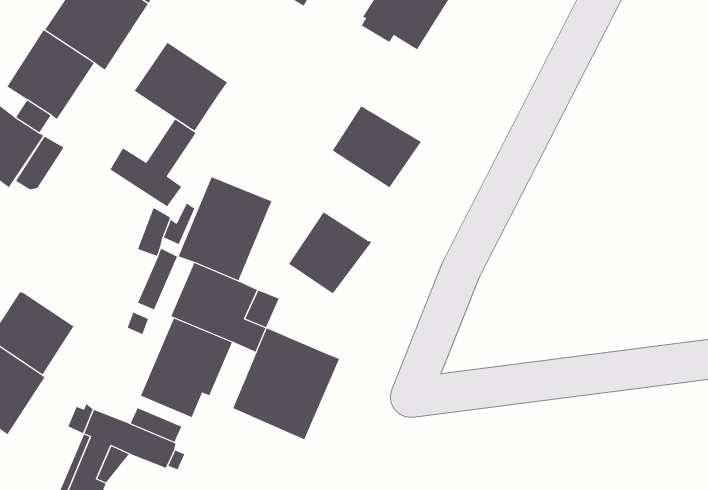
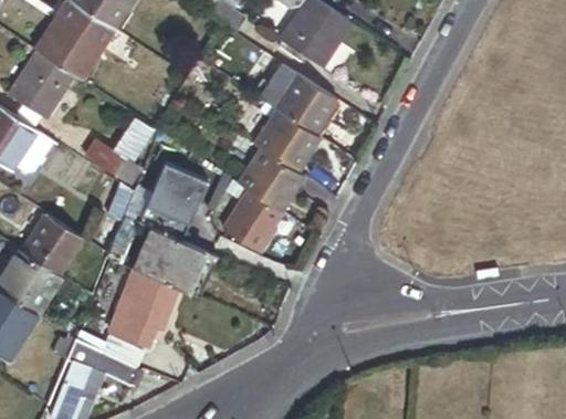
building: [134,42,228,131] -> none
building: none -> [263,65,339,133]
building: none -> [239,147,307,211]
building: none -> [21,214,82,275]
building: [233,328,340,440] -> none

